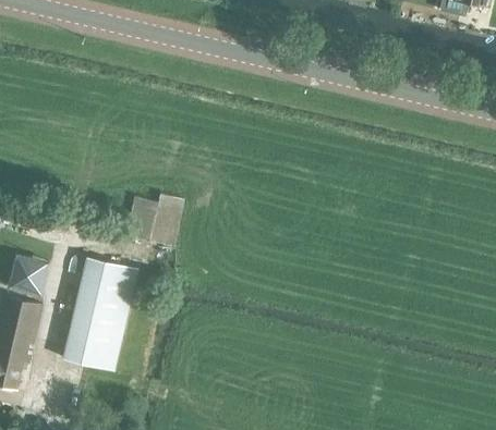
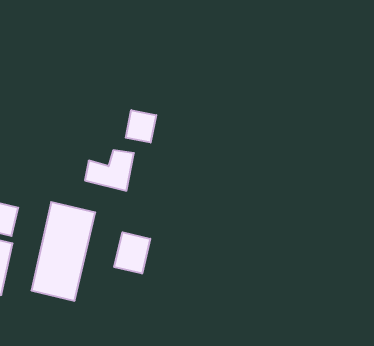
building: none -> [126,110,156,143]
building: none -> [114,232,150,274]

